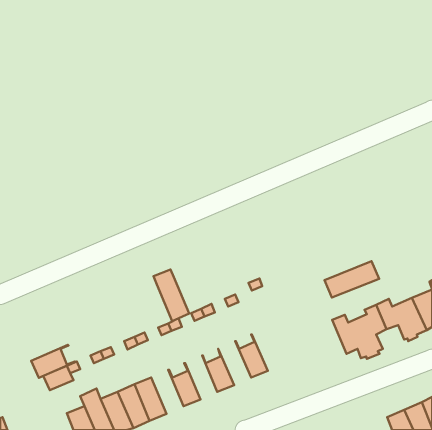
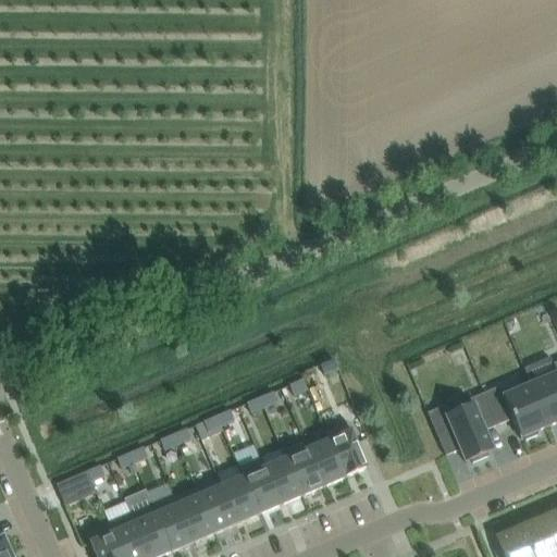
building: [325,261,379,298] -> none
building: [154,269,189,321] -> [234,447,280,513]
building: none -> [324,420,368,476]
building: none -> [281,438,323,495]
building: [31,345,75,378] -> none
building: none -> [195,475,236,532]

